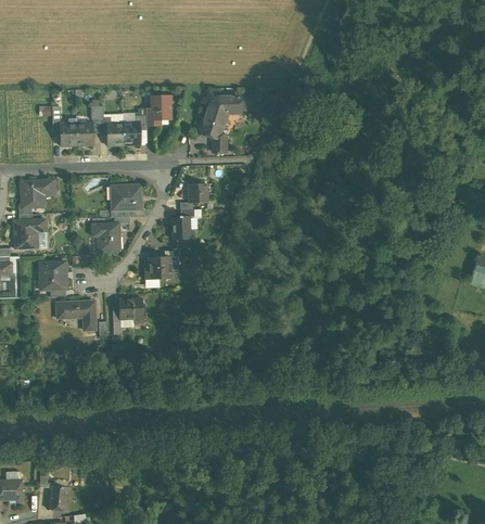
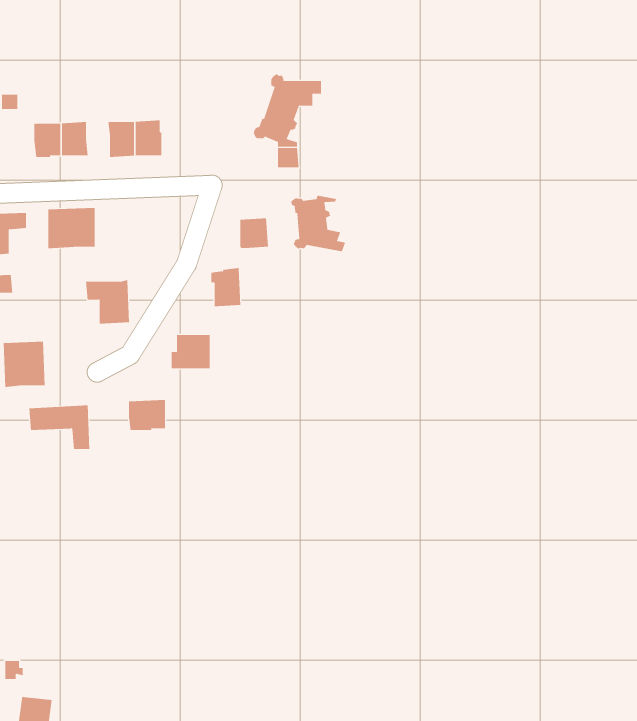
building: [151,95,173,118] -> none
building: none -> [291,195,346,252]
building: [111,183,141,209] -> [47,208,95,249]

